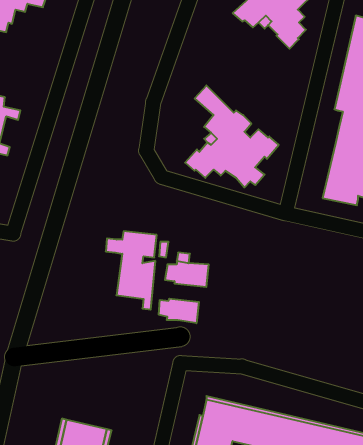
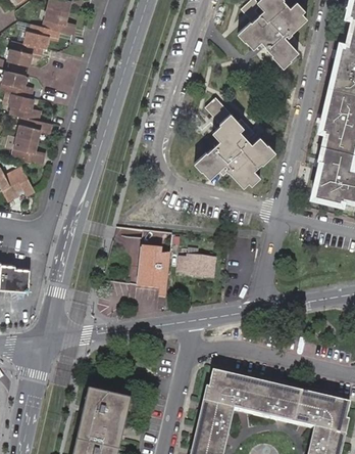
building: [159,299,199,323] -> none

